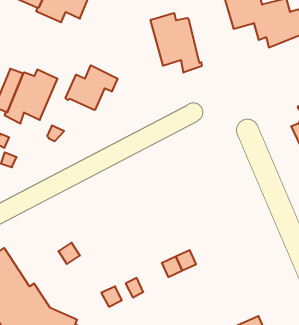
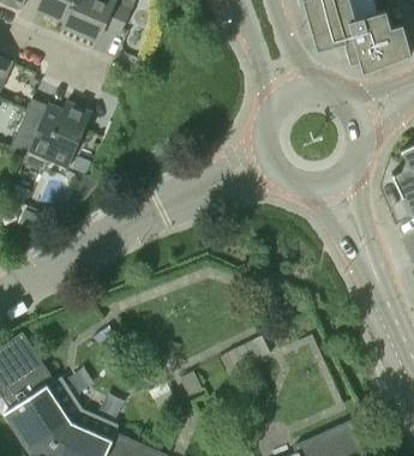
building: [151,13,202,73] -> none
building: [65,65,117,110] -> none

